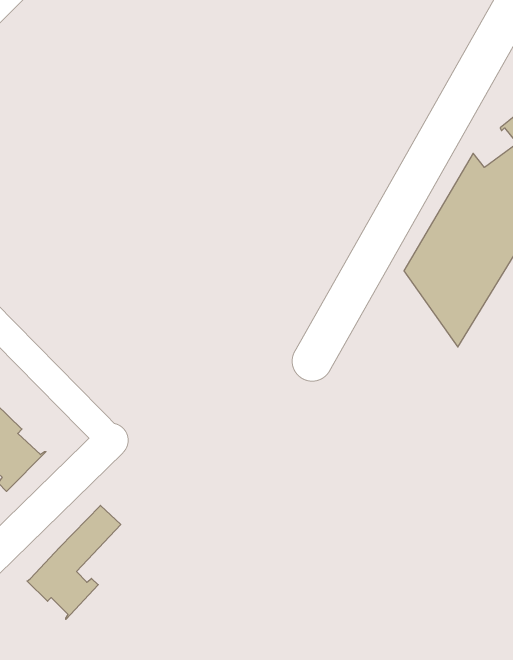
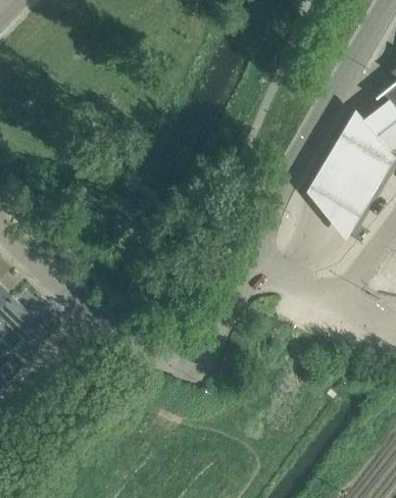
building: [27,505,121,619] -> none

